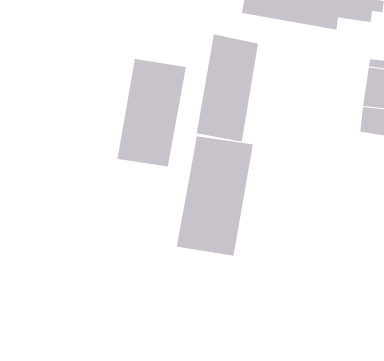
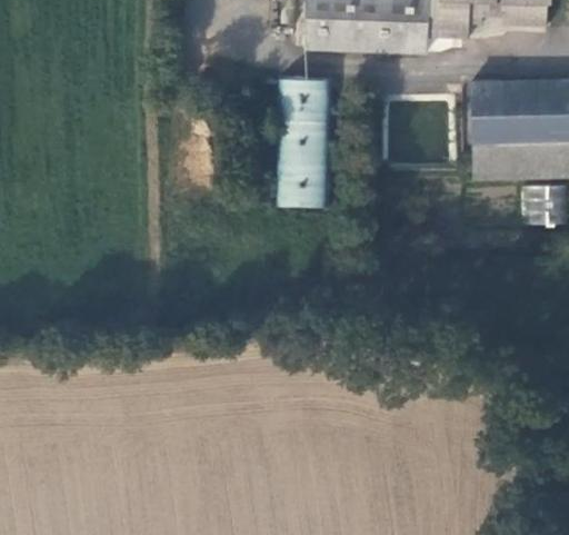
building: [117,58,186,167] -> none
building: [176,136,253,257] -> none

